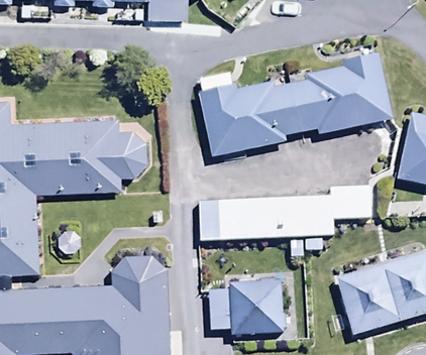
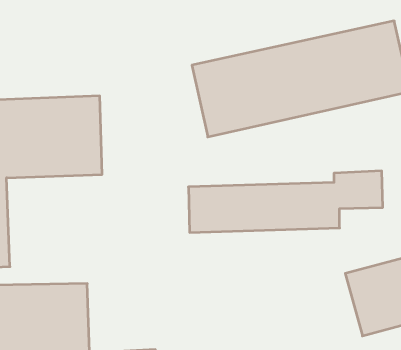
building: [123,267,180,341] -> none
building: [228,280,286,337] -> none

